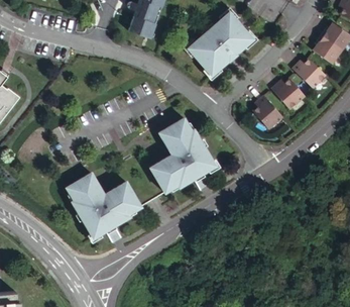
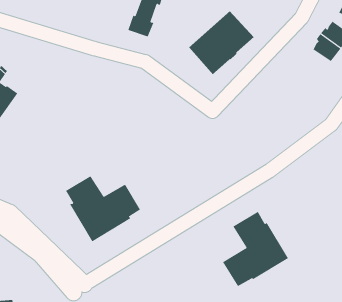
building: [293,56,325,85] -> none
building: [271,77,304,106] -> none
building: [253,94,281,126] -> none
building: [151,118,217,193] -> [222,211,289,287]

